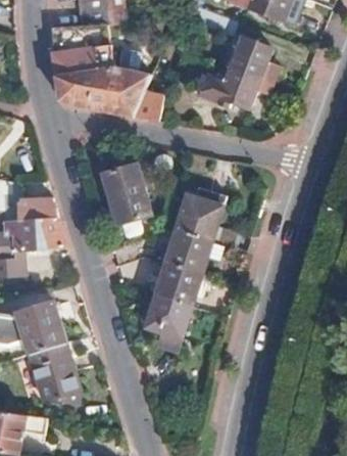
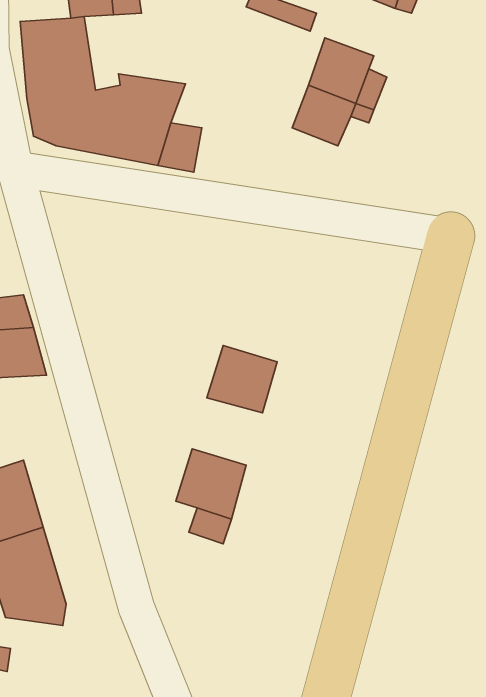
building: [103,165,152,223] -> none
building: [176,188,224,240] -> none
building: [156,263,200,305] -> none

